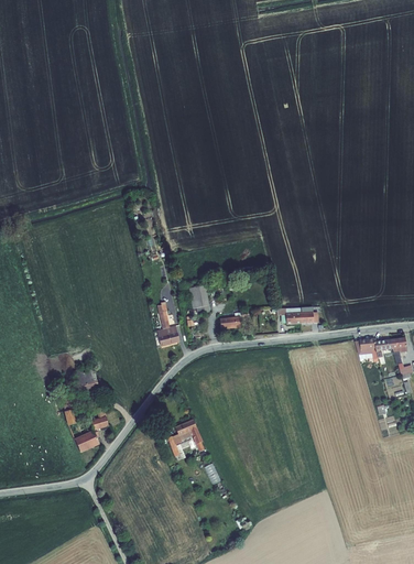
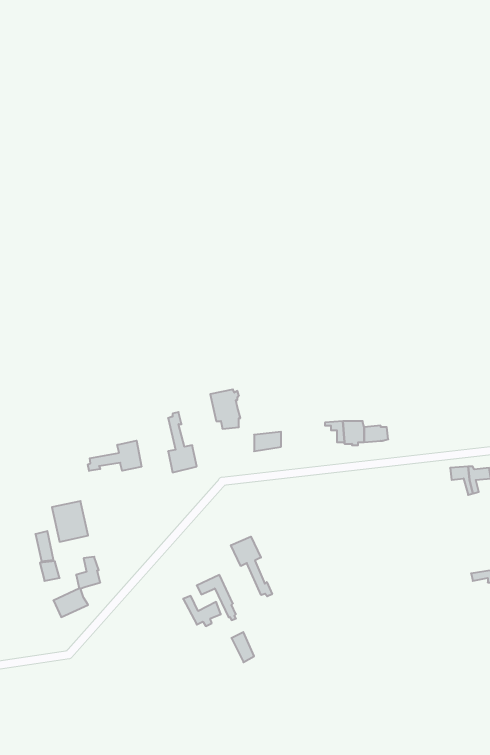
building: none -> [88,441,141,471]
building: none -> [231,537,272,596]

